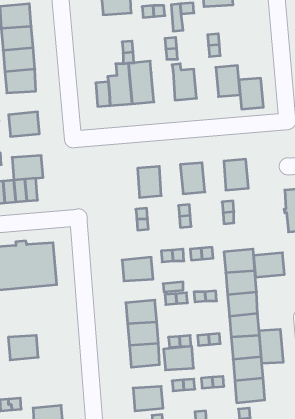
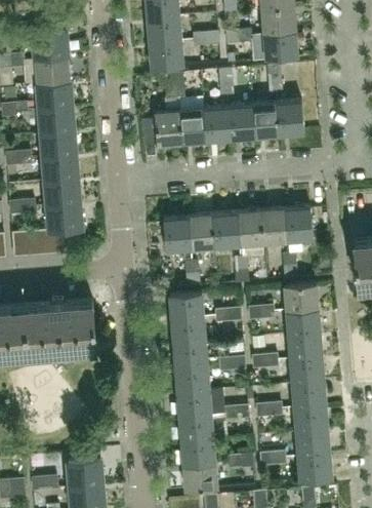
building: none -> [263,31,298,58]
building: none -> [150,40,183,67]
building: none -> [204,106,231,141]
building: [239,78,263,109] -> [252,102,280,136]
building: none -> [41,128,76,155]
building: none -> [45,177,80,203]
building: none -> [261,207,288,242]
building: none -> [213,211,240,246]
building: none -> [163,216,191,250]
building: none -> [169,291,204,319]
building: [254,253,284,277] -> [284,282,319,310]
building: none -> [173,341,208,367]
building: [259,329,283,364] -> none
building: [8,335,38,360] -> [69,459,102,486]
building: [164,346,194,370] -> [181,437,215,464]

